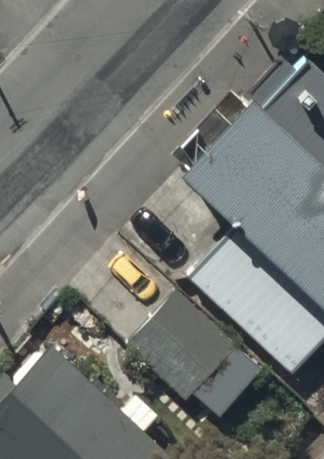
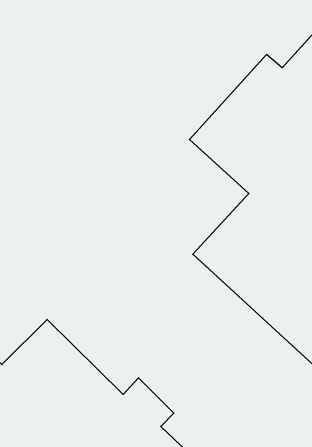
building: [127,297,262,422] -> none

